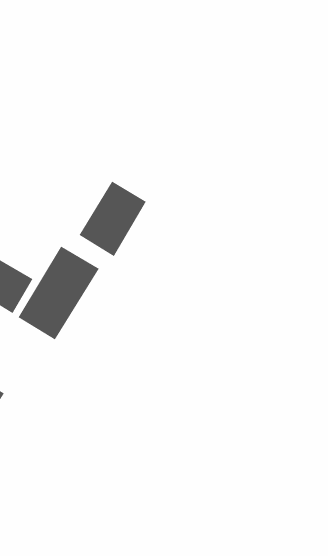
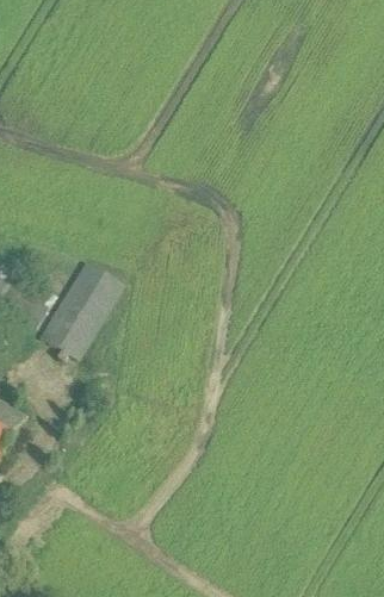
building: [79,180,147,257] -> none

